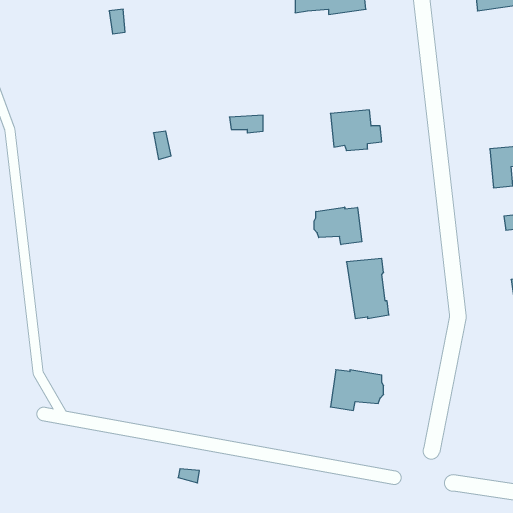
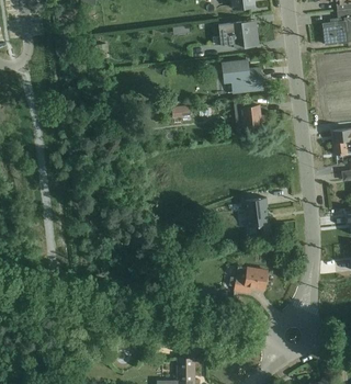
building: none -> [222,59,262,92]
building: [314,207,362,245] -> none

